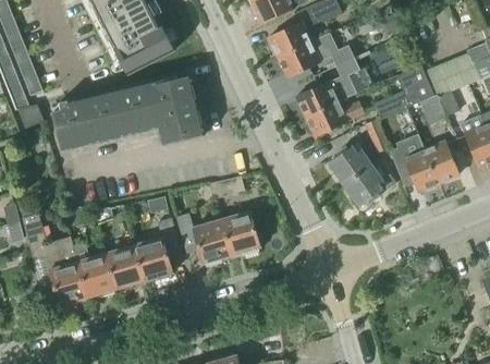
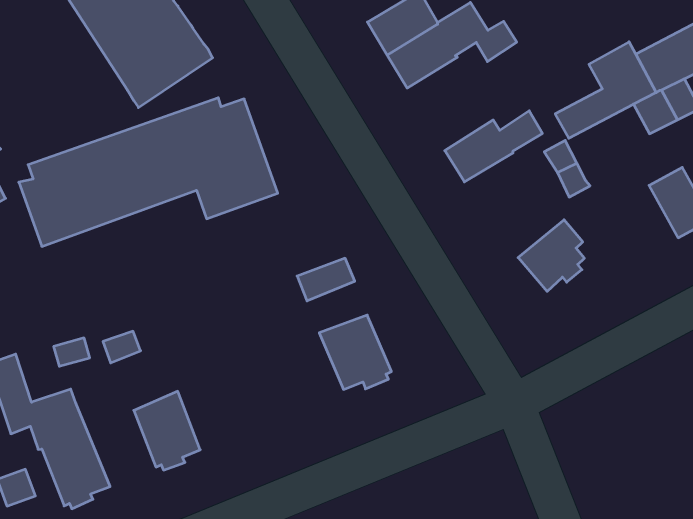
building: [296,58,360,118] -> none
building: [390,133,439,192] -> none
building: [328,146,372,185] -> none
building: [176,213,232,265] -> none
building: [134,218,180,280] -> none
building: [73,242,117,296] -> none

